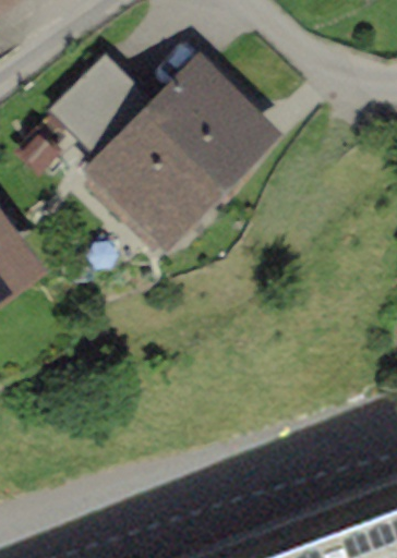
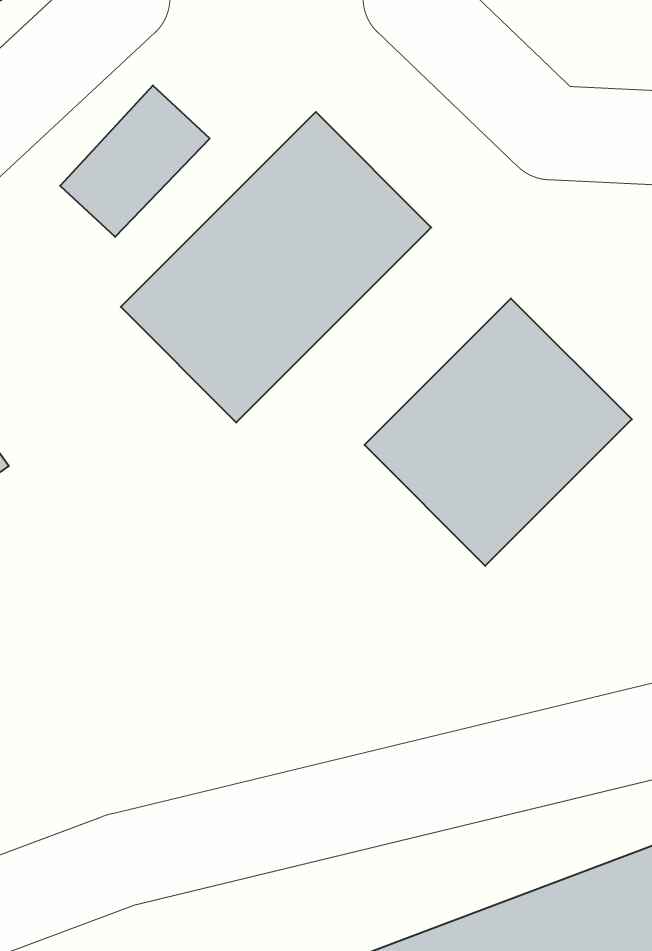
building: none -> [364,298,632,566]

